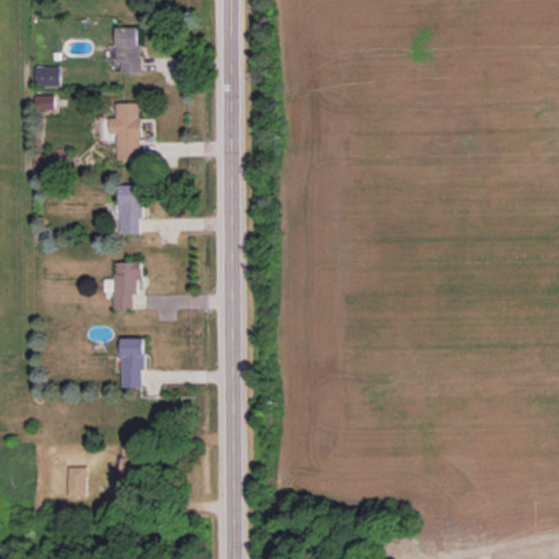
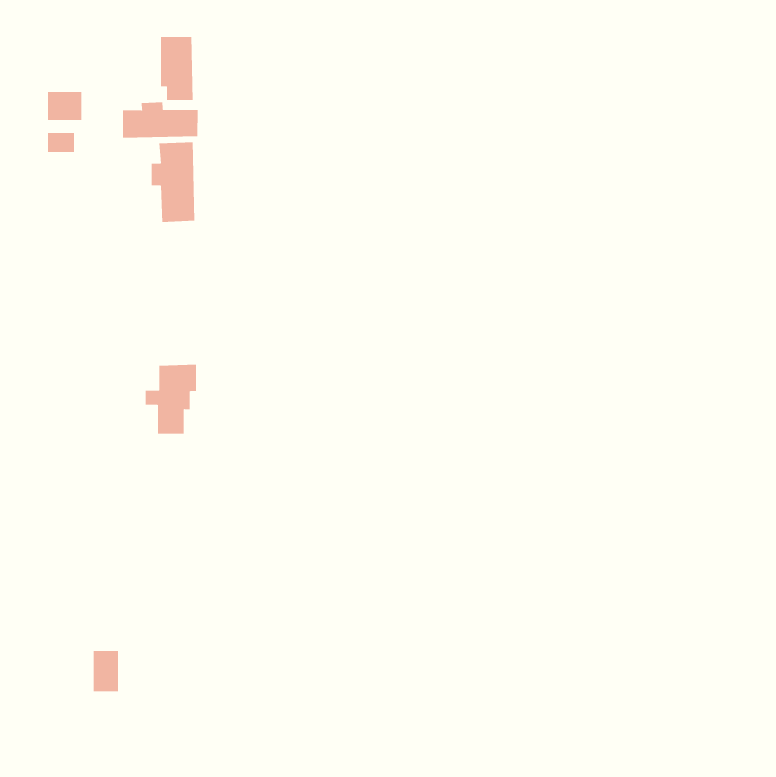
building: none -> [122,102,198,138]
building: [118,186,141,235] -> none
building: [120,338,143,389] -> none

